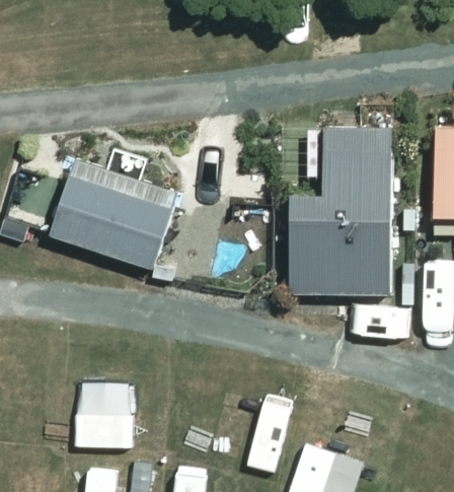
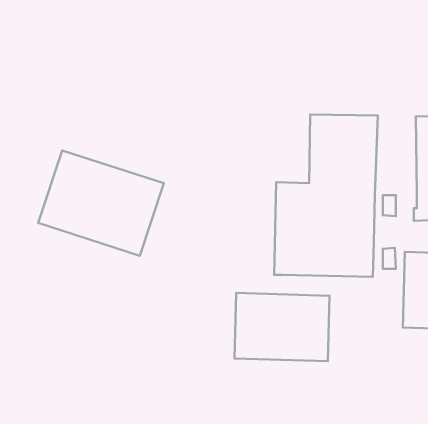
building: none -> [234,293,330,361]

